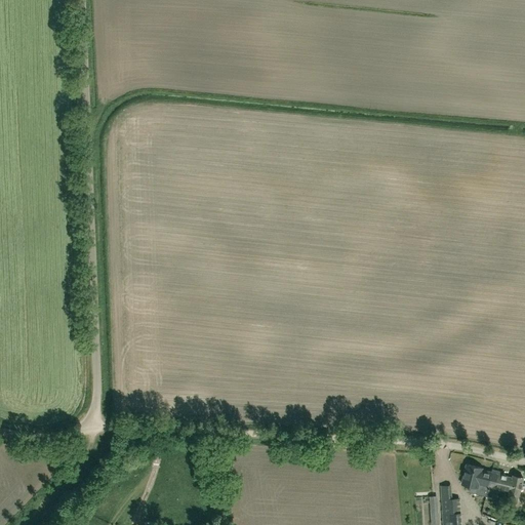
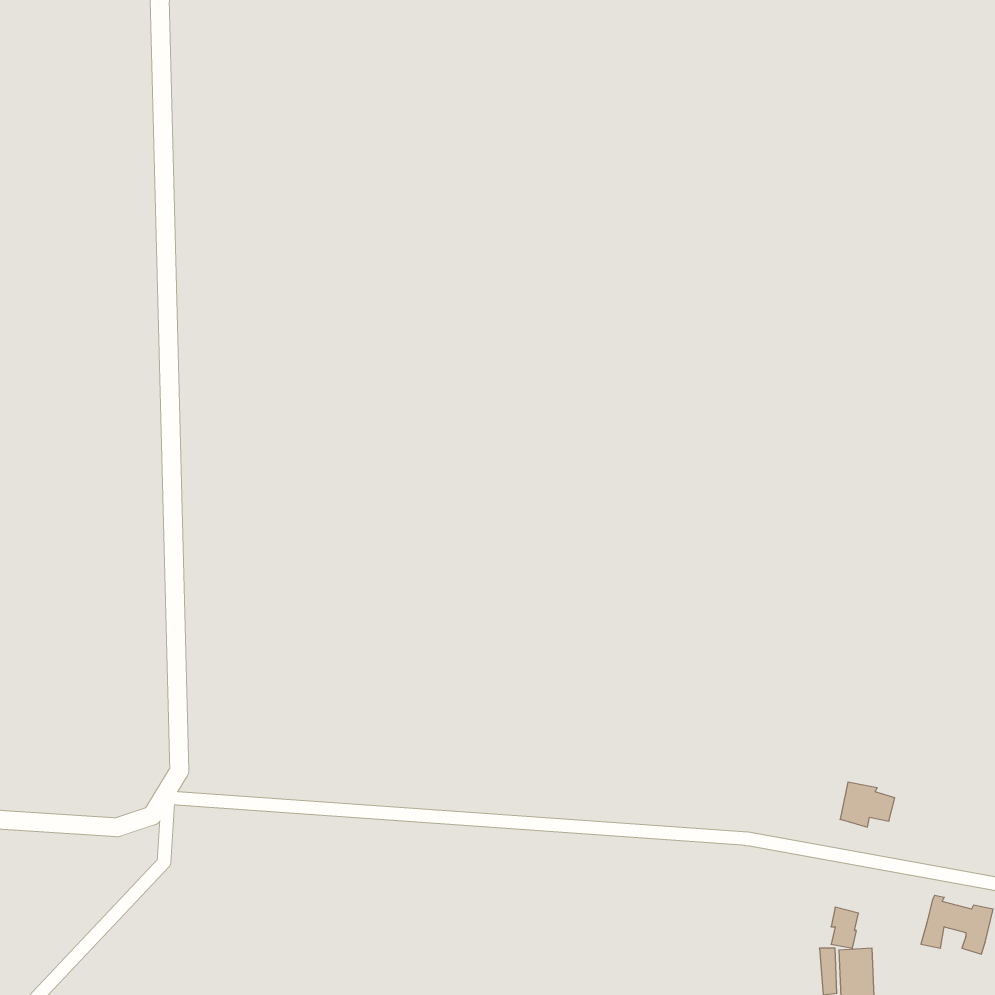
building: [461,466,490,489] -> [840,782,895,827]

